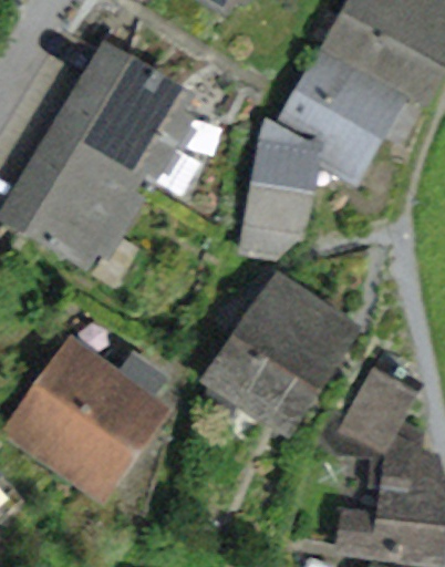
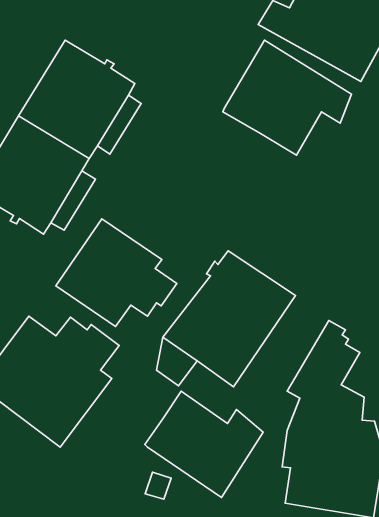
building: [242,122,313,256] -> none
building: none -> [56,219,177,326]
building: none -> [145,391,263,498]

